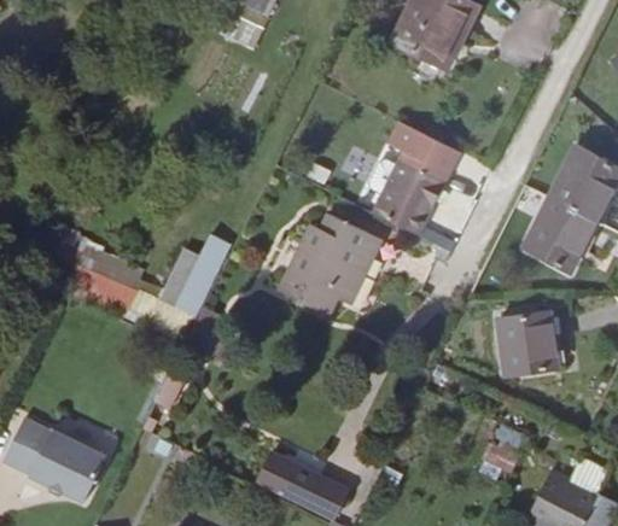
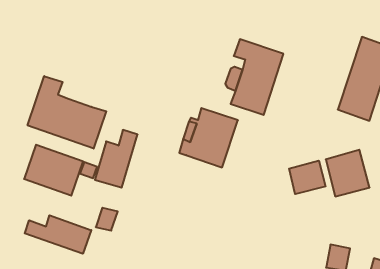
building: none -> [28,76,106,149]
building: none -> [289,161,326,194]
building: none -> [25,215,91,254]

